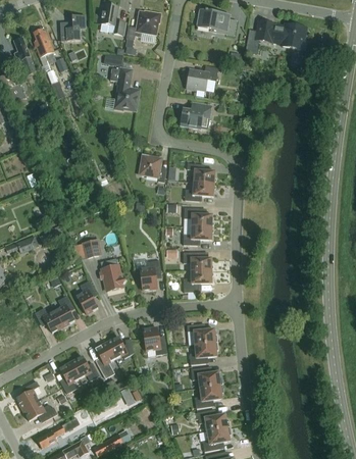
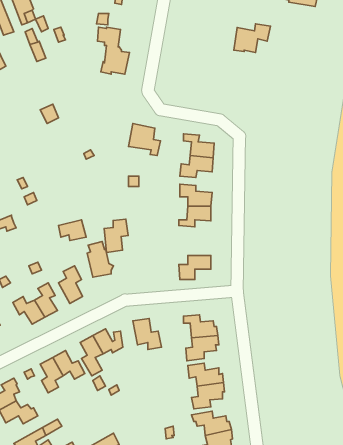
building: [186,66,218,92] -> [234,24,270,53]
building: [180,103,211,131] -> none
building: [183,253,211,271] -> none
building: [140,261,161,291] -> [104,219,128,253]

